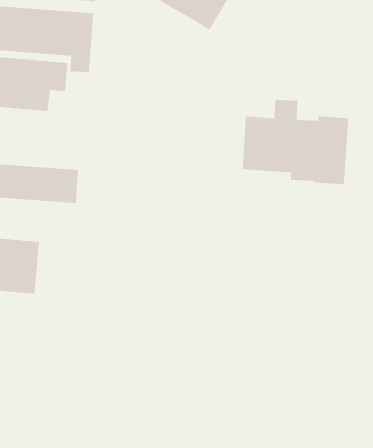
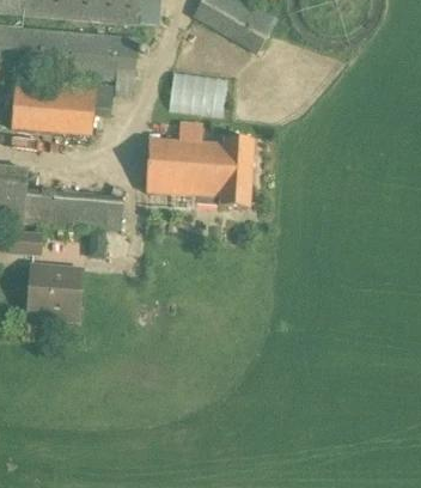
building: none -> [178,80,226,110]
building: [242,99,349,185] -> [145,121,254,208]

